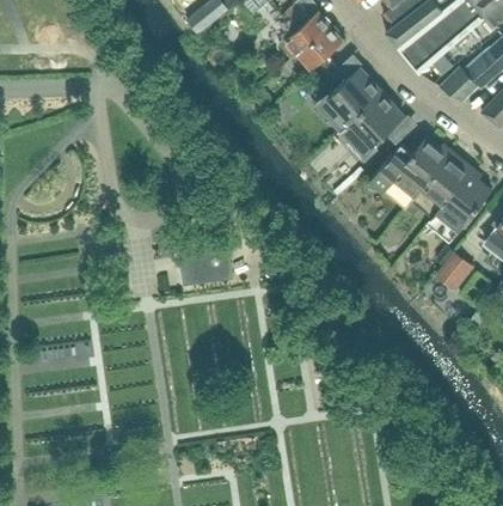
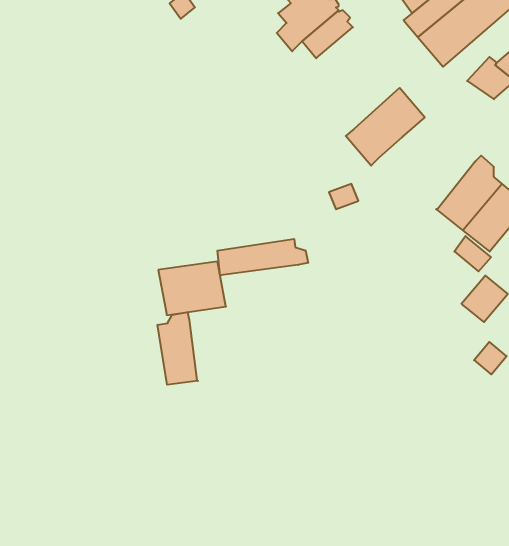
building: [315,67,384,133] -> none
building: [370,138,448,208] -> none
building: none -> [217,239,308,276]
building: none -> [158,312,198,385]

